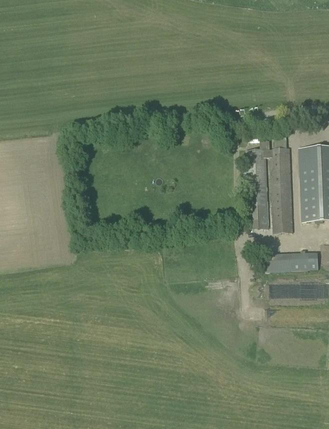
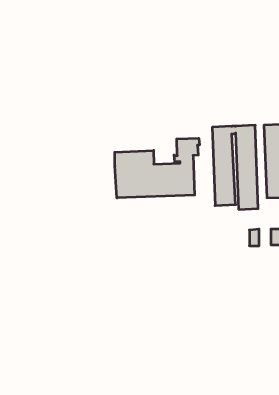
building: none -> [115,138,199,198]

